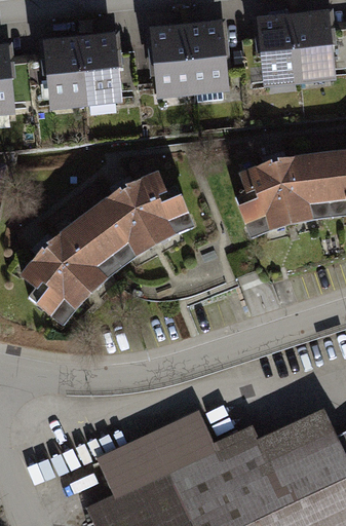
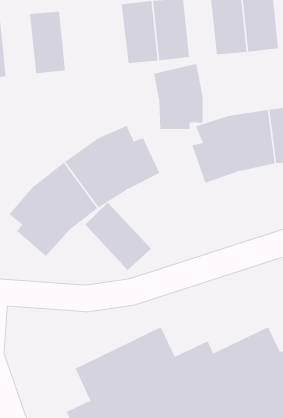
building: [79,32,123,106] -> none
building: none -> [153,63,203,130]
building: none -> [84,202,152,271]

